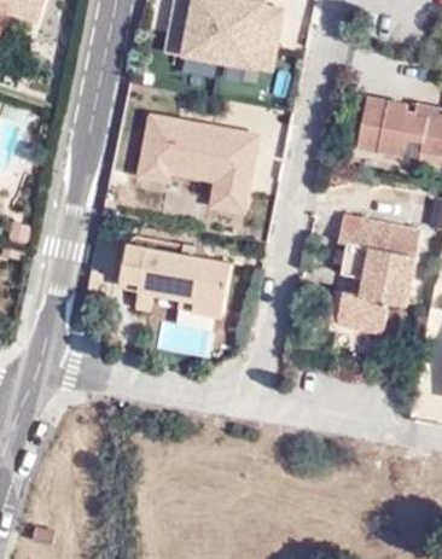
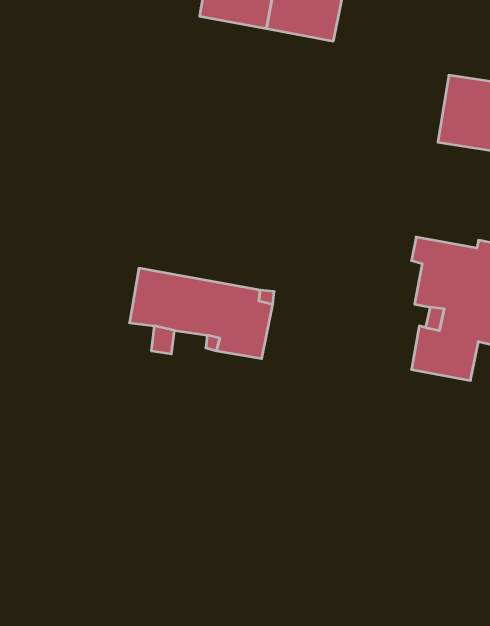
building: [147,113,262,205] -> none

